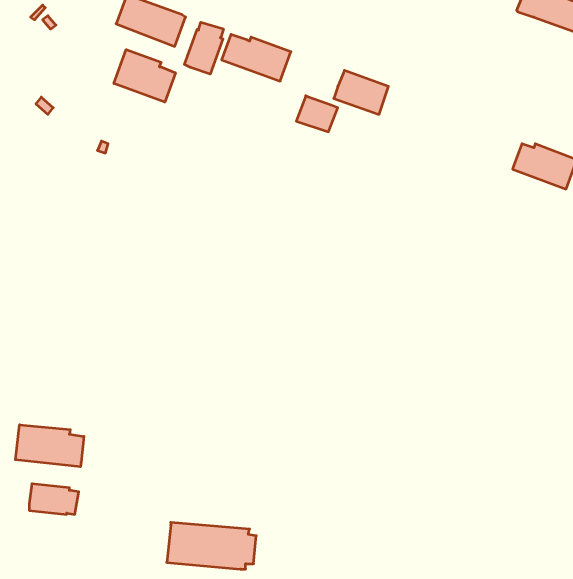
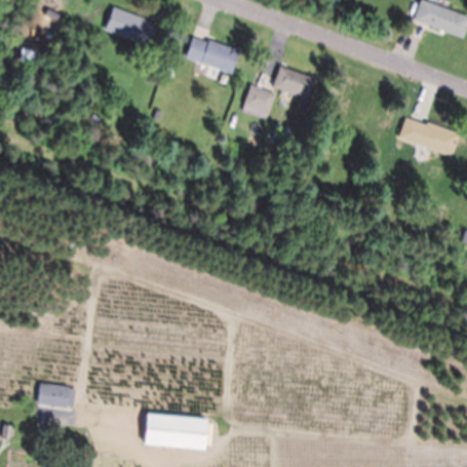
building: [184,22,223,74] -> none
building: [114,50,175,102] -> none
building: [15,425,84,467] -> none

